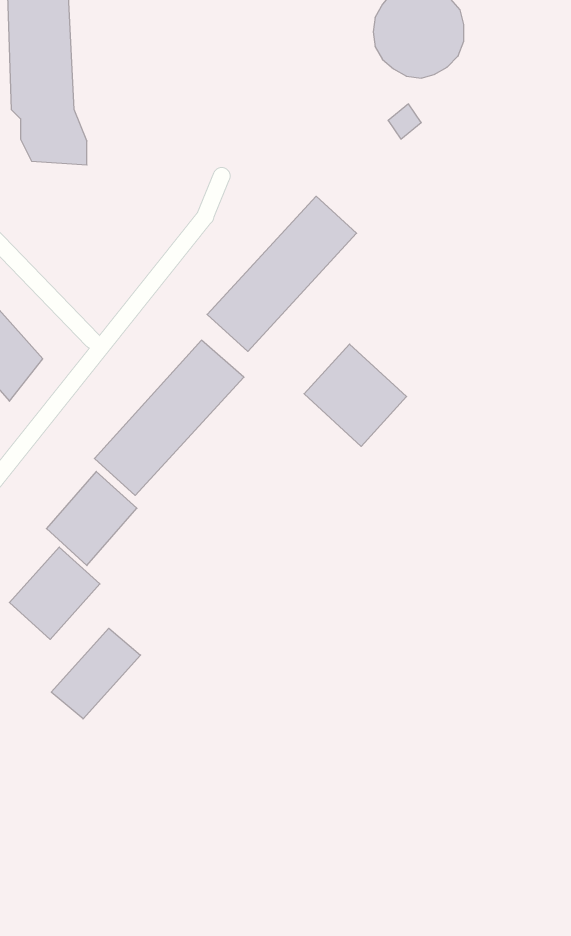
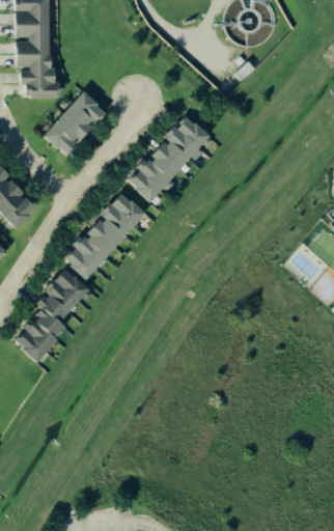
building: none -> [45,91,106,157]
building: [304,344,407,446] -> none
building: [51,628,141,719] -> none

